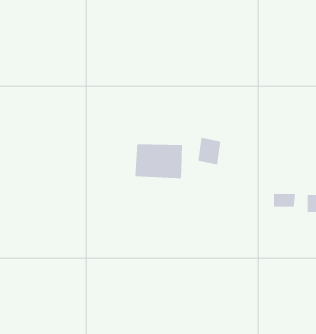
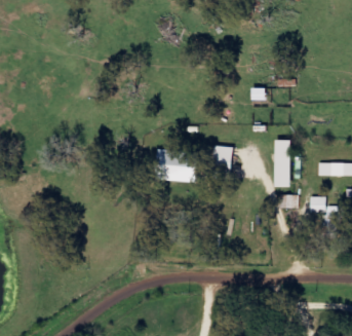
building: none -> [273,140,289,187]

